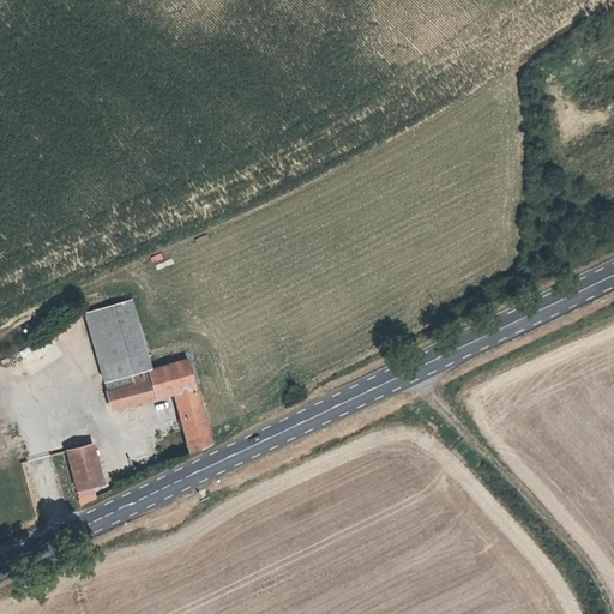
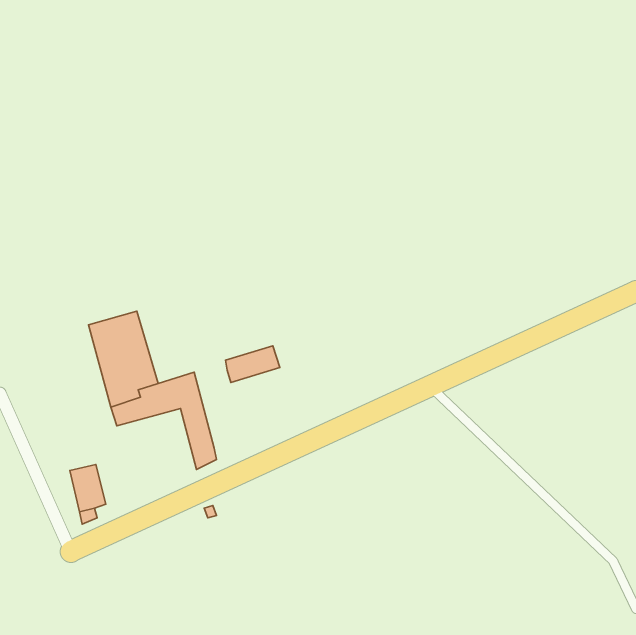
building: none -> [225,346,280,382]

